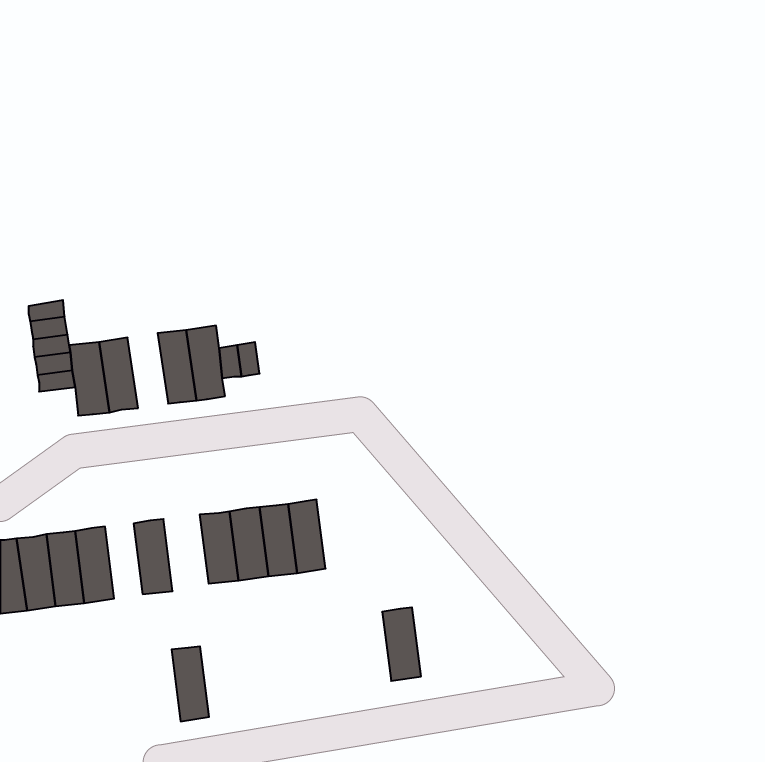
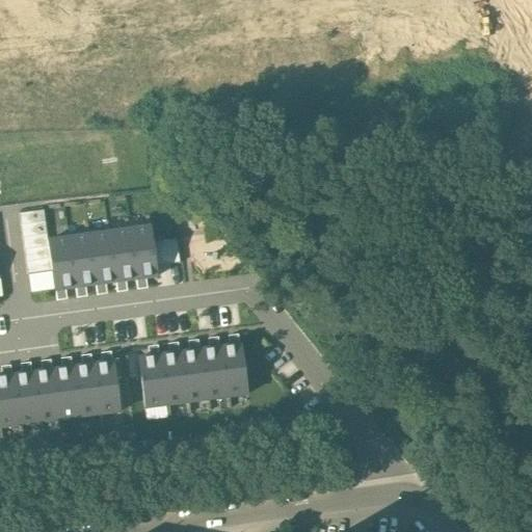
building: none -> [89,231,117,283]
building: [382,607,421,681] -> [220,343,247,394]
building: [172,646,209,721] -> [74,363,100,415]

